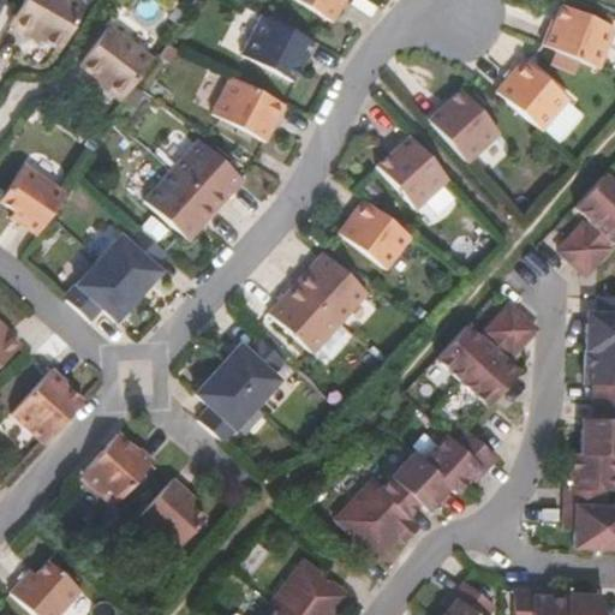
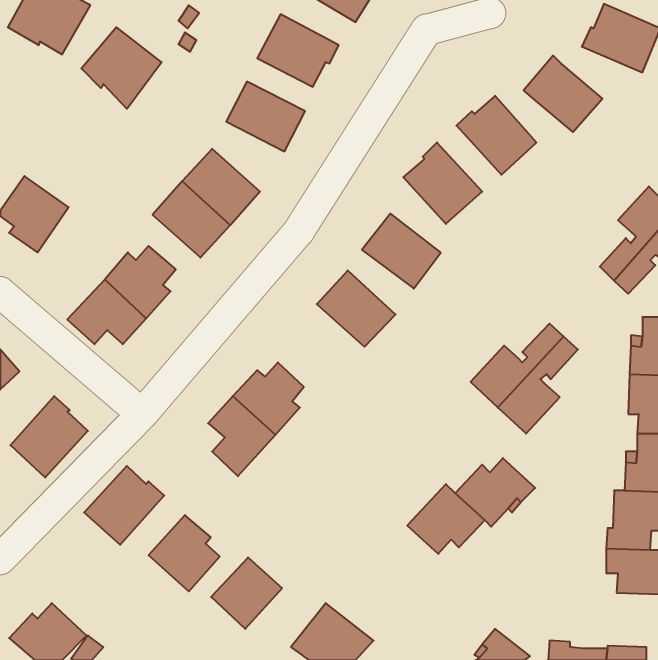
building: [269,282,341,353] -> none
building: [338,480,420,556] -> none
building: none -> [211,557,282,629]

